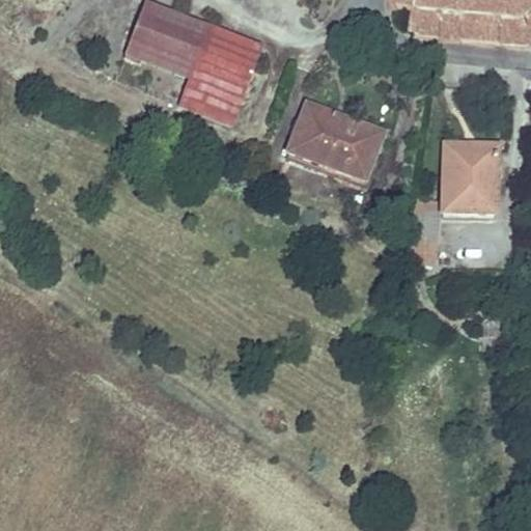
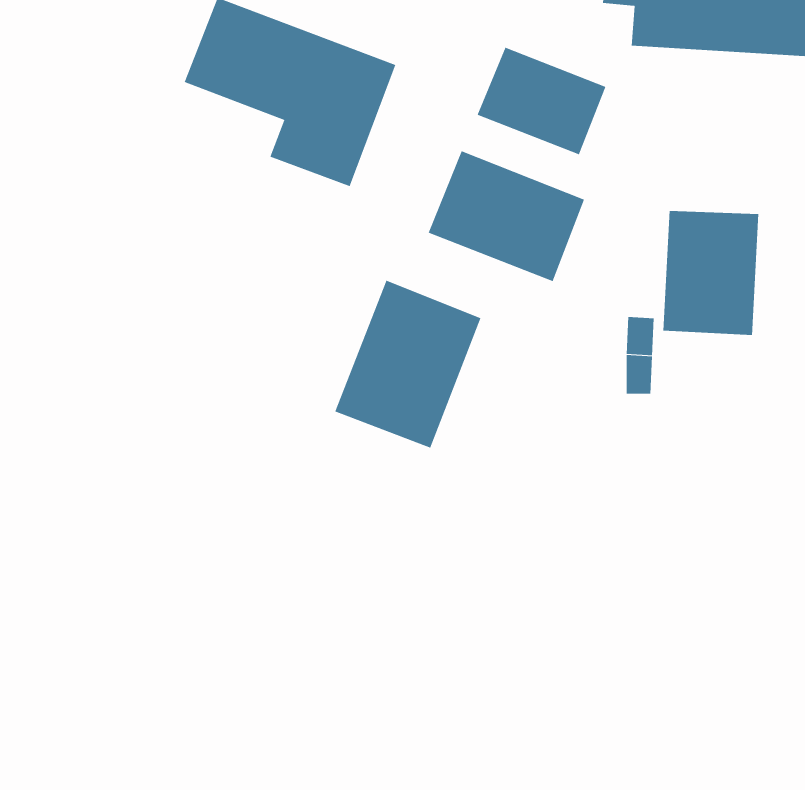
building: none -> [477,47,606,155]
building: none -> [334,280,481,449]

